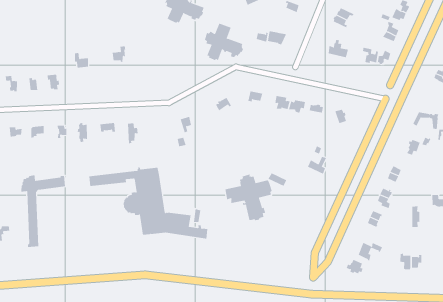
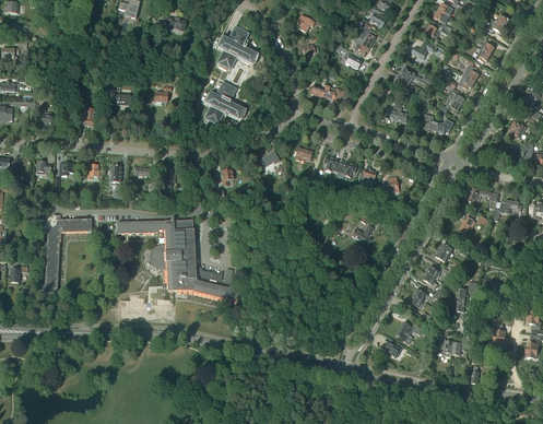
building: [204,23,244,61] -> [204,83,246,123]
building: [225,174,272,221] -> none

